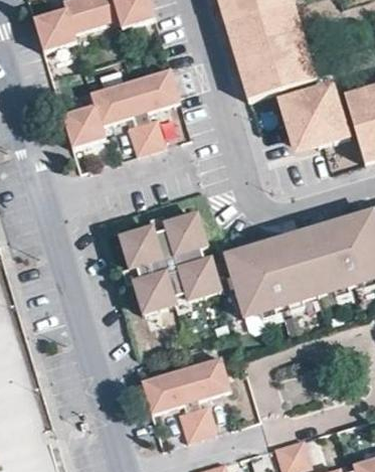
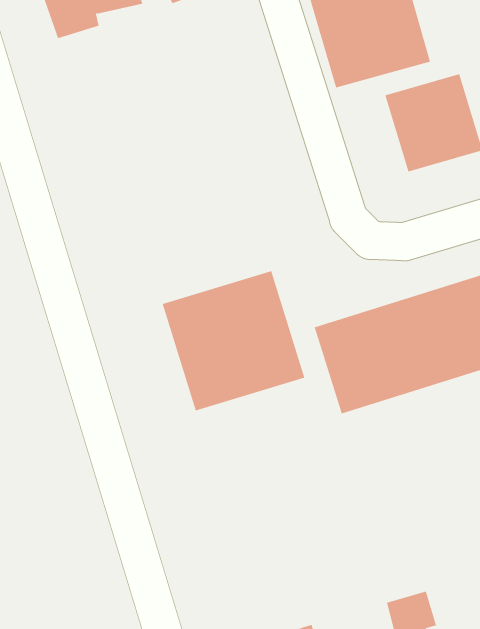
building: [66,72,180,158] -> none
building: [143,358,228,440] -> none

